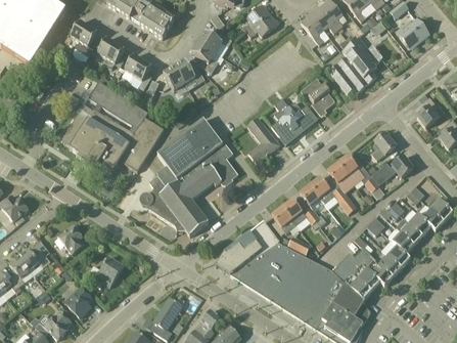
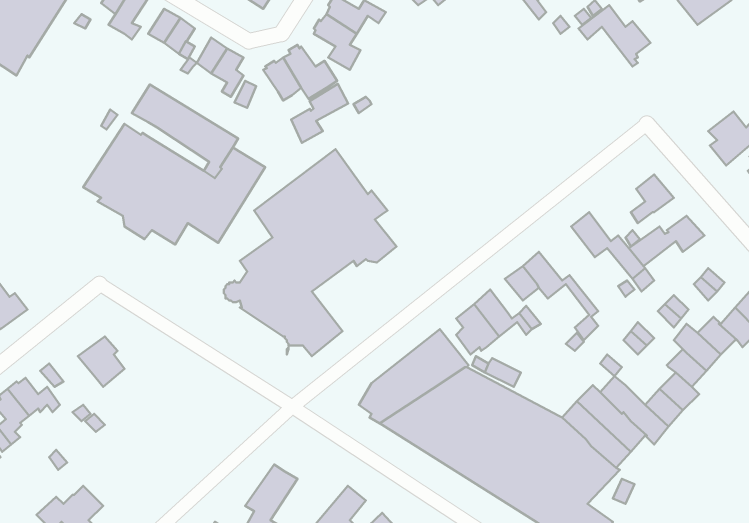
building: [328,49,376,94] -> none
building: [301,79,334,114] -> none
building: none -> [291,84,348,143]
building: [271,98,308,136] -> none
building: [247,117,279,164] -> none
building: [327,163,357,211] -> none
building: [88,257,123,288] -> none
building: [64,287,92,317] -> none

